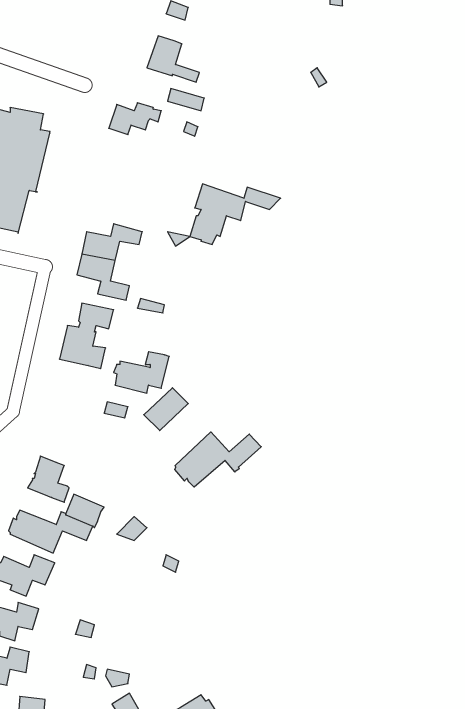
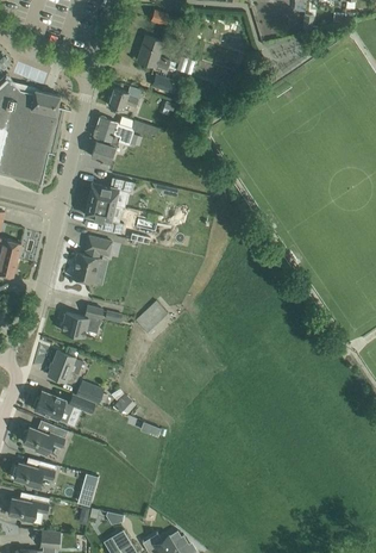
building: [190,184,281,244] -> [92,118,159,163]
building: [114,352,169,393] -> [61,306,102,337]
building: [175,432,261,487] -> none

